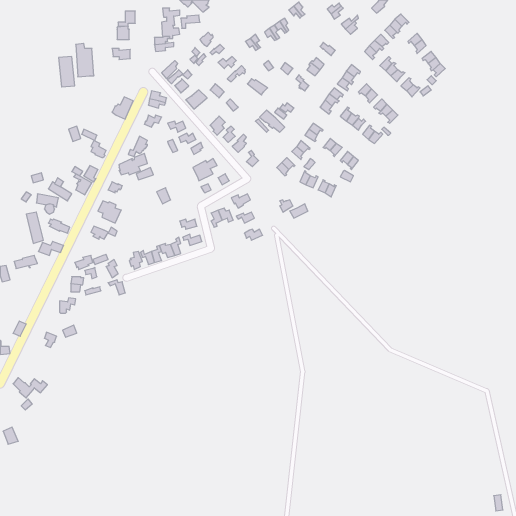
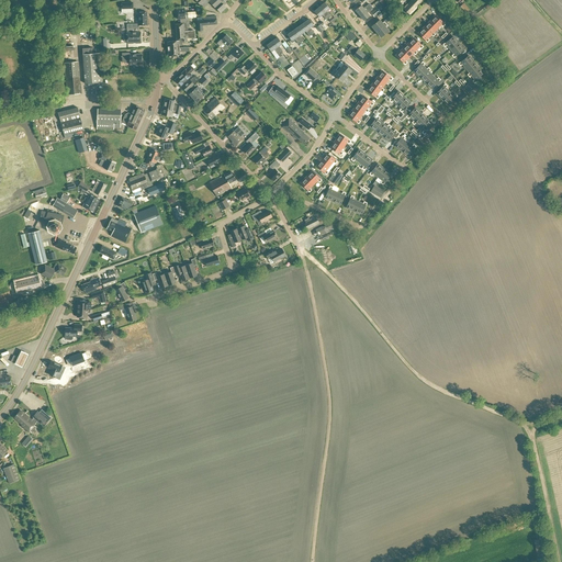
building: none -> [58,106,83,137]
building: none -> [95,109,121,130]
building: none -> [134,205,162,233]

